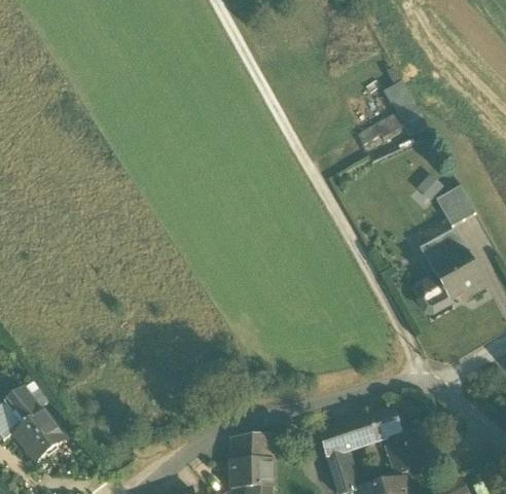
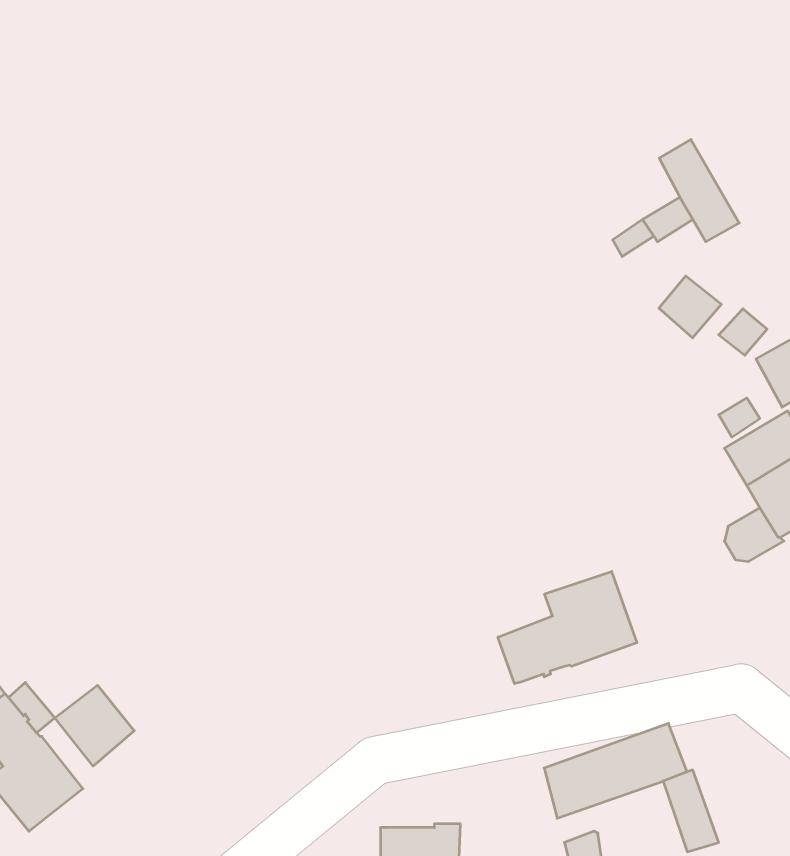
building: none -> [659,276,721,338]
building: none -> [498,571,637,684]
building: none -> [55,685,134,766]
building: [233,433,275,462] -> none

